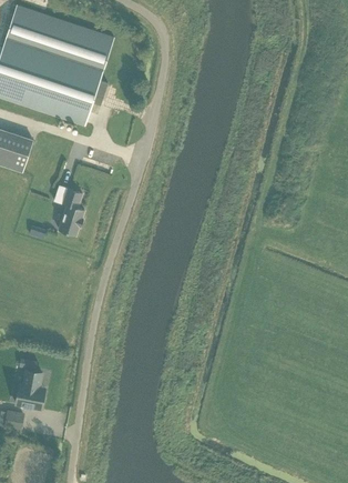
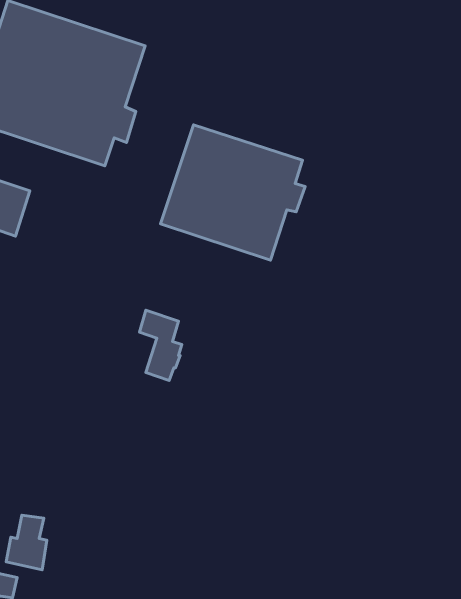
building: none -> [160,125,305,260]
building: [53,187,83,237] -> [140,310,182,380]

